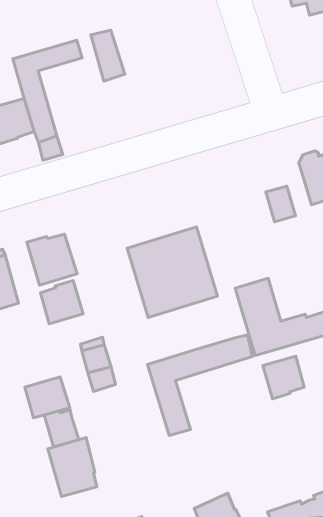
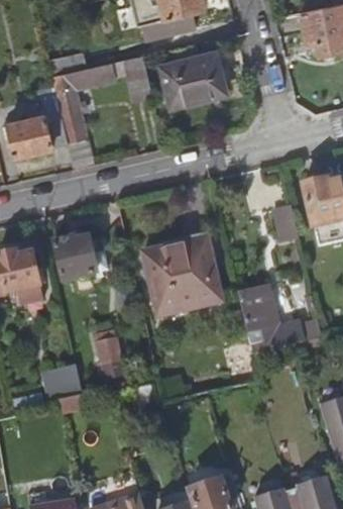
building: none -> [159,52,224,107]
building: [41,280,83,324] -> none
building: [147,335,253,435] -> none
building: [263,356,304,399] -> none
building: [48,438,97,496] -> none

